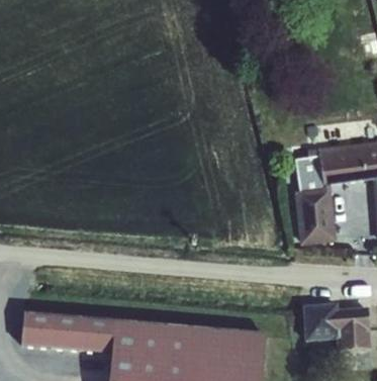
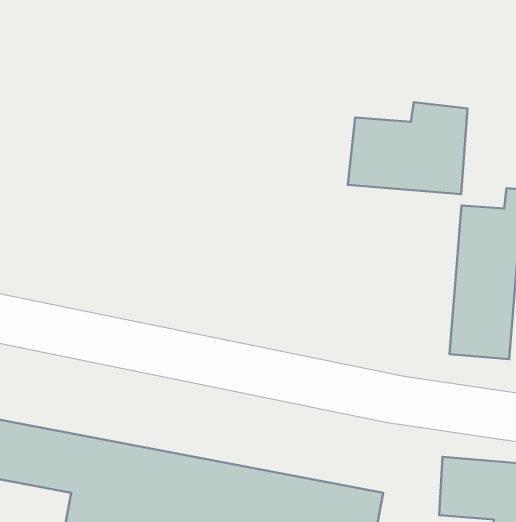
building: none -> [348,102,468,194]

